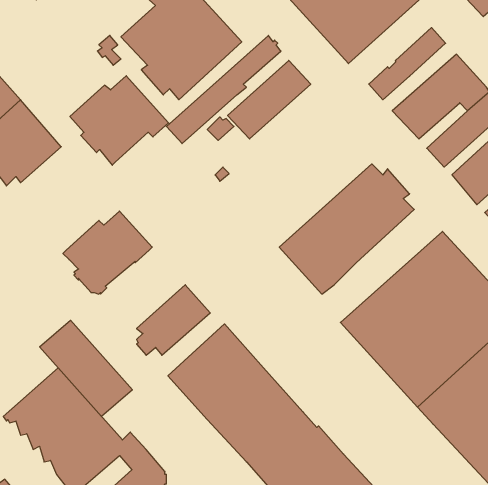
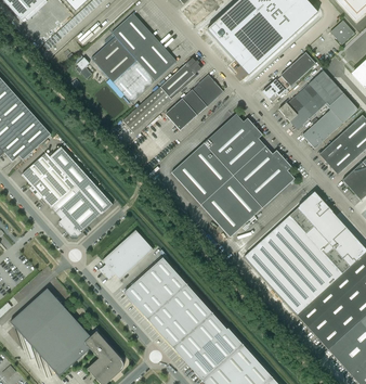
building: [70,76,169,165] -> [22,145,90,207]
building: none -> [172,113,264,203]
building: [40,320,132,416] -> none

